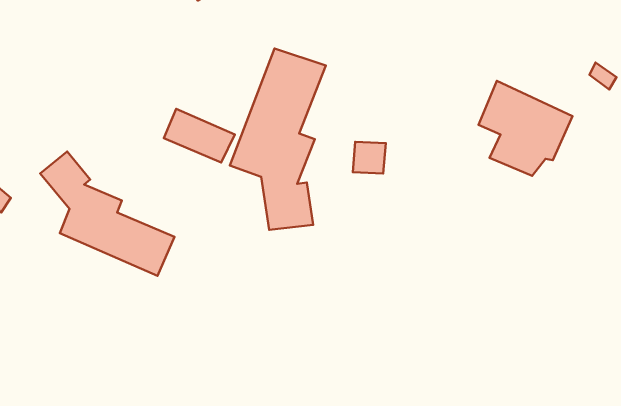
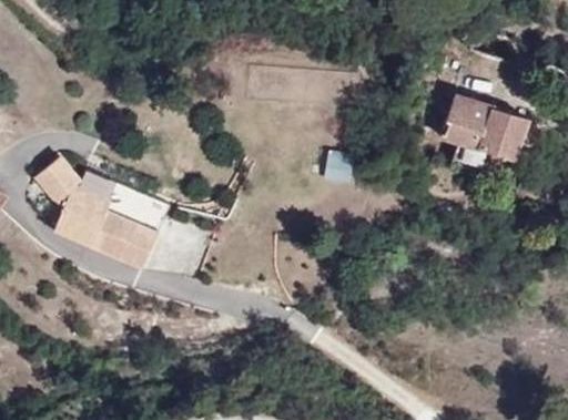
building: [230,48,326,230] -> none
building: [164,109,235,163] -> [108,185,172,234]

